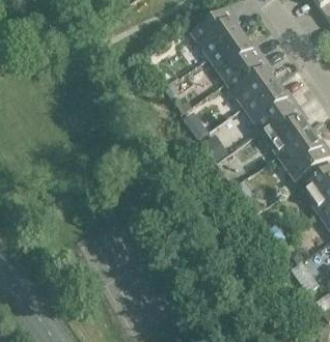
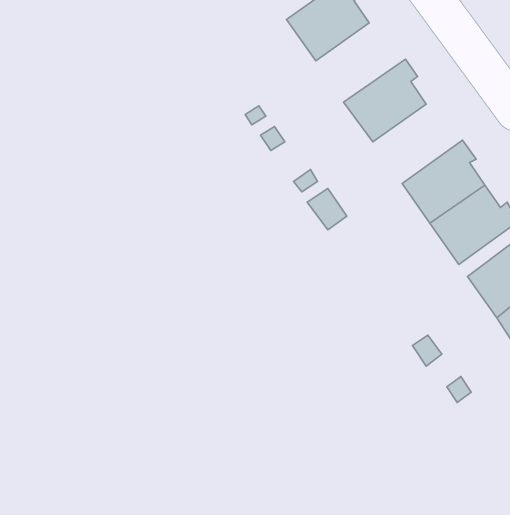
building: [209,32,263,80] -> none
building: [243,81,297,129] -> none

